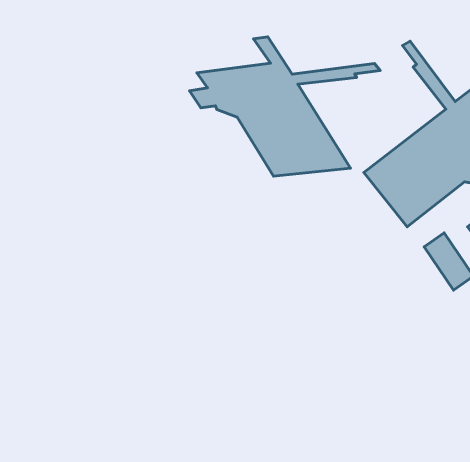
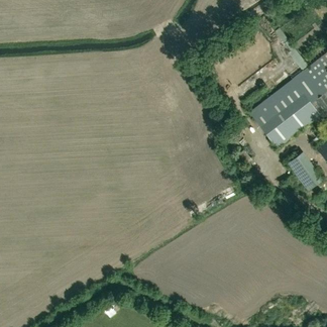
building: [190,37,380,176] -> none

